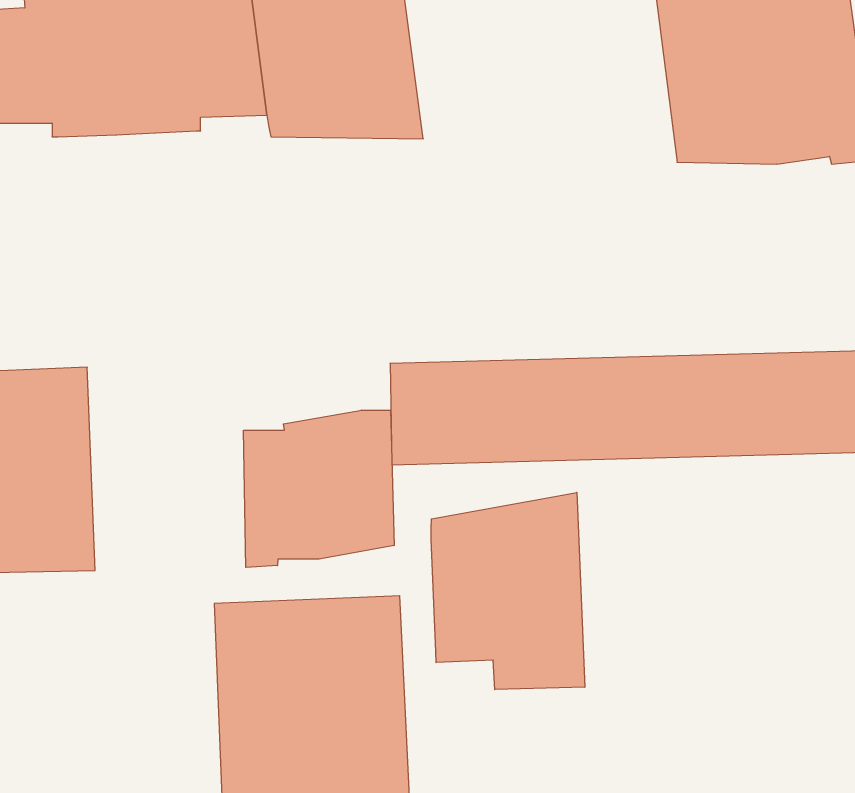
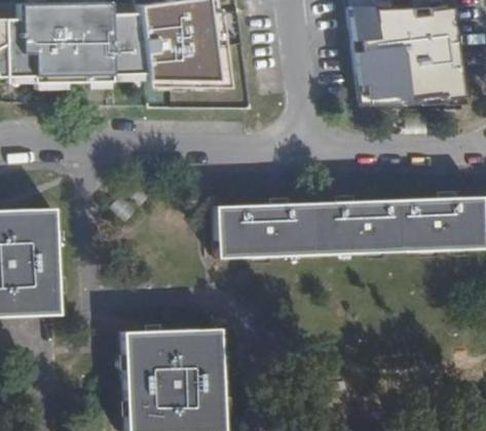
building: [244,410,394,567] -> none
building: [431,492,585,690] -> none

